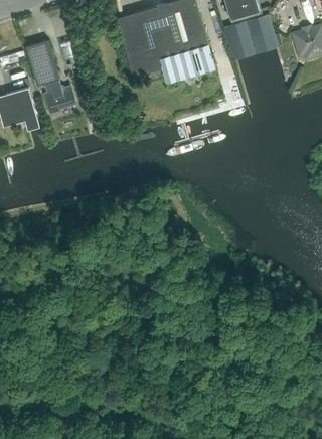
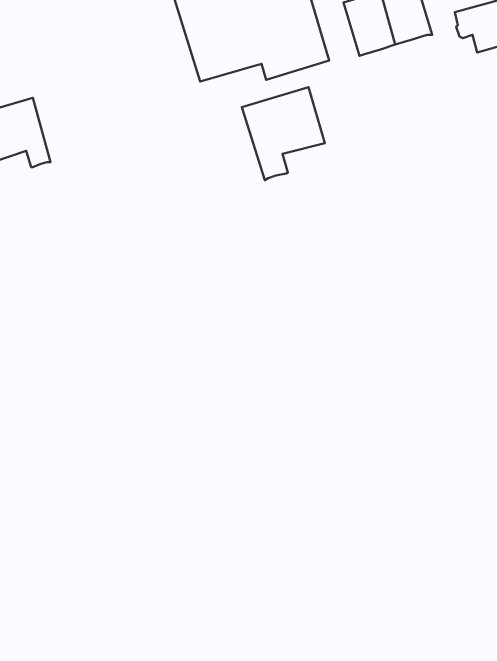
building: [24,39,74,113] -> none
building: none -> [242,87,325,180]

